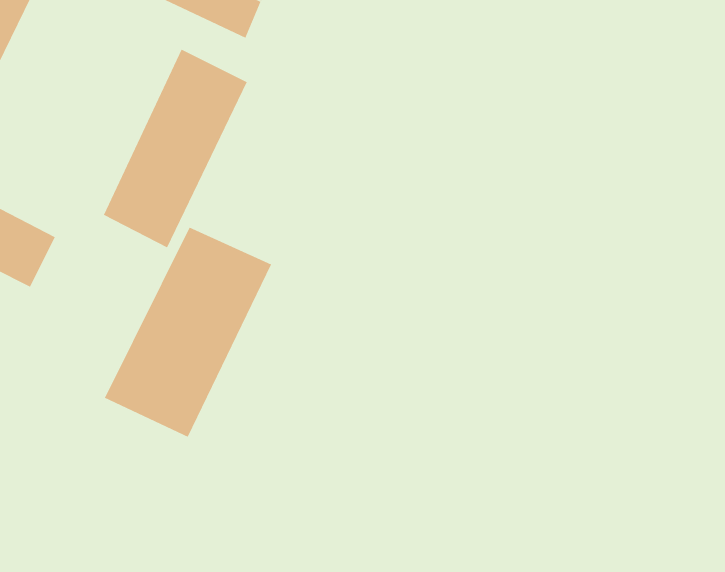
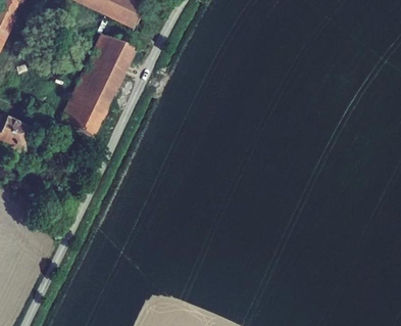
building: [104,226,272,438] -> none

